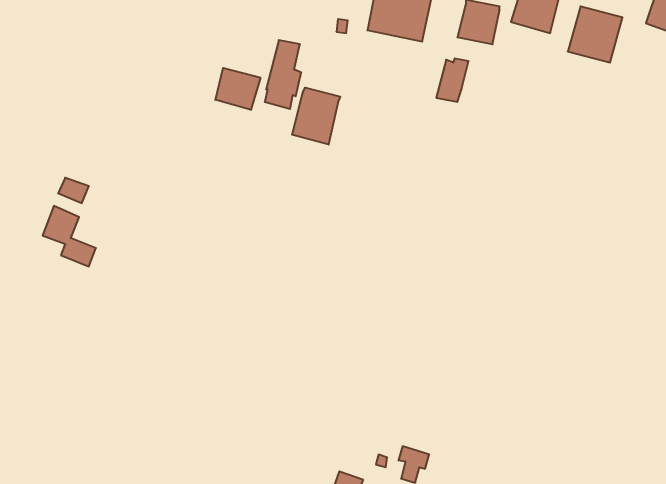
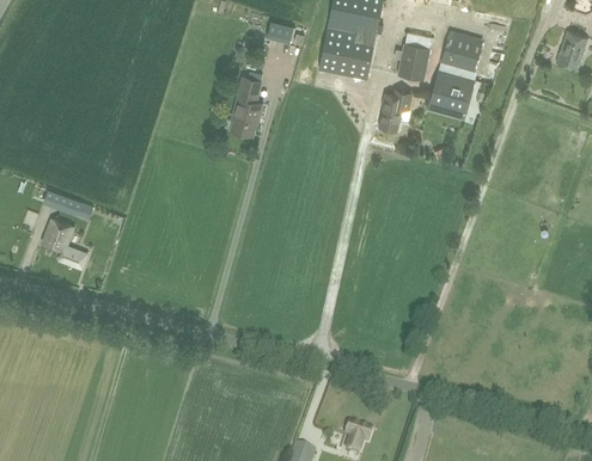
building: [568,6,623,63] -> [427,69,474,117]
building: [215,68,260,110] -> none
building: [292,88,340,145] -> none

